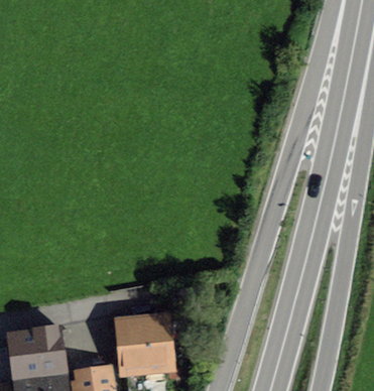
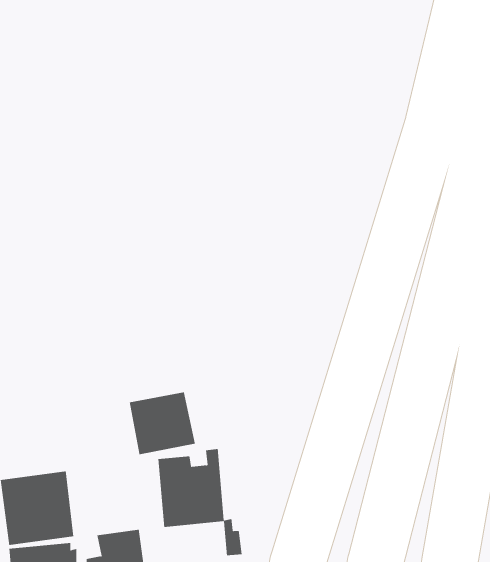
building: none -> [129,391,195,455]

